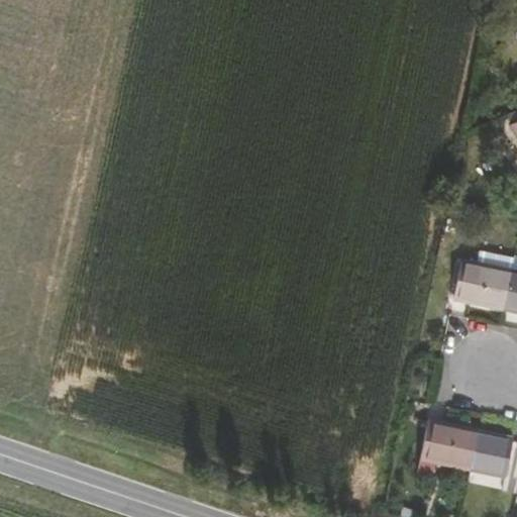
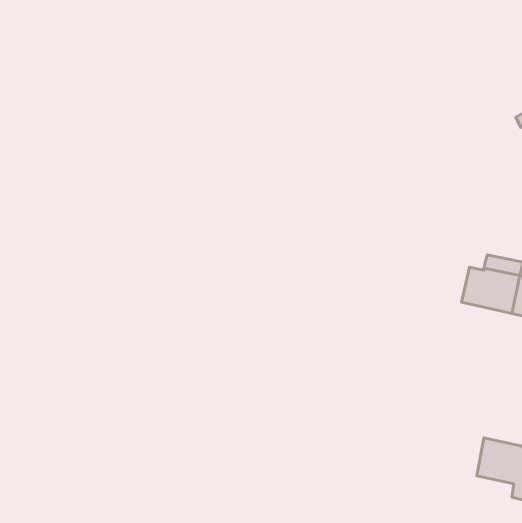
building: [420,422,479,477] -> none

